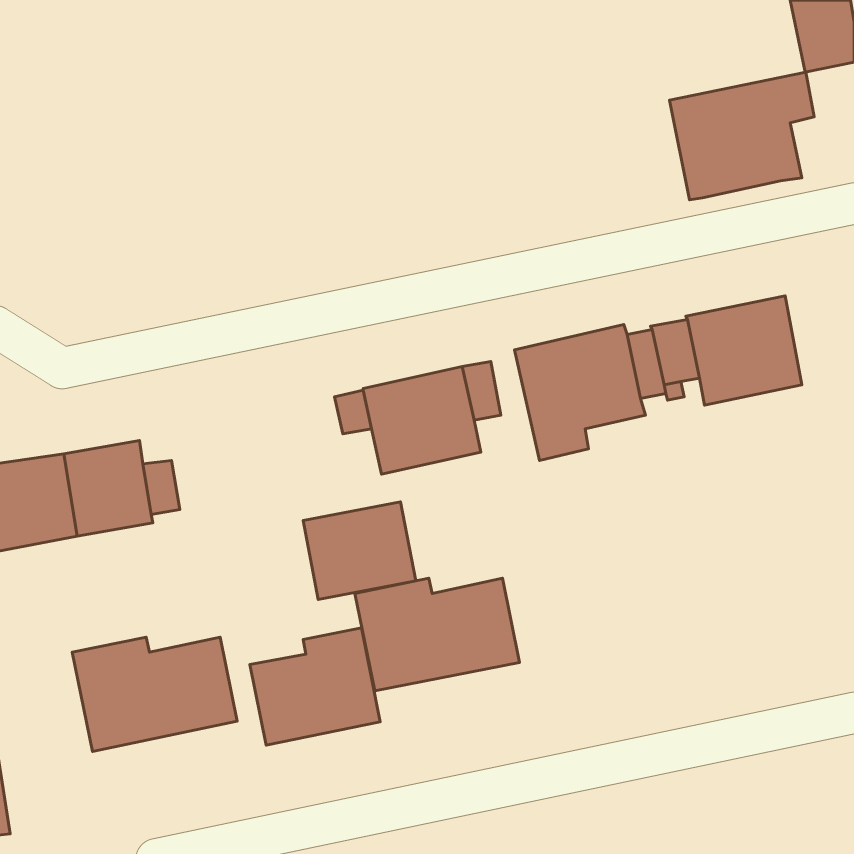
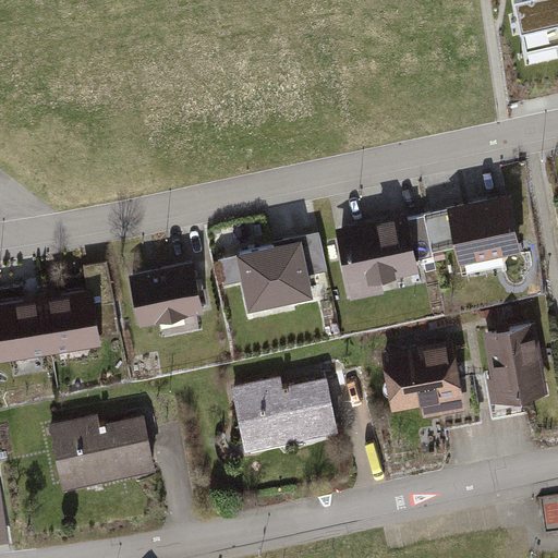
building: [669,72,814,200] -> none
building: none -> [482,325,547,404]
building: [303,502,416,599] -> [129,264,202,327]
building: none -> [383,342,466,418]
building: [250,628,380,745] -> none

